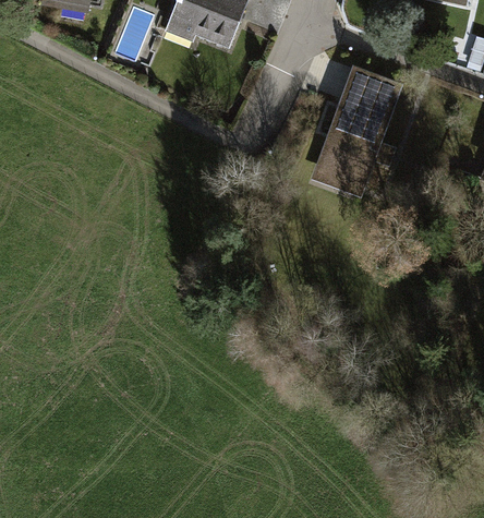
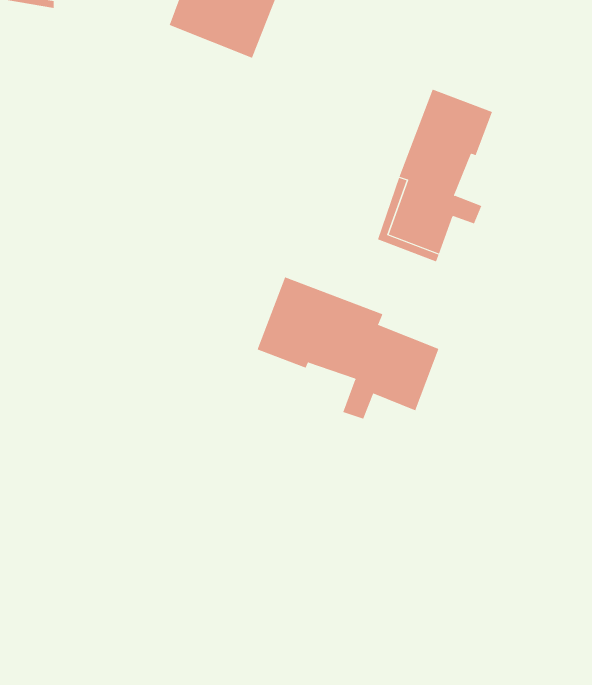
building: none -> [257,277,439,420]

